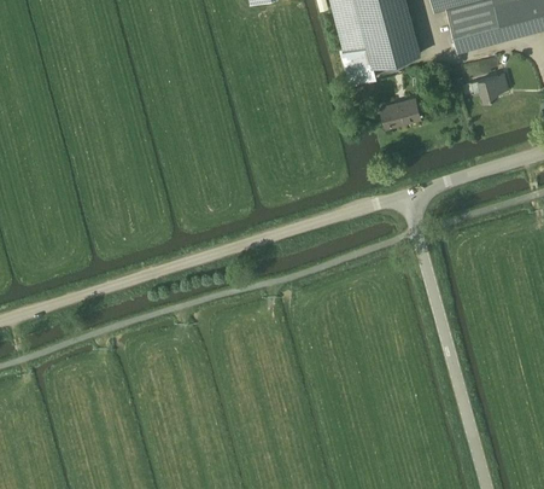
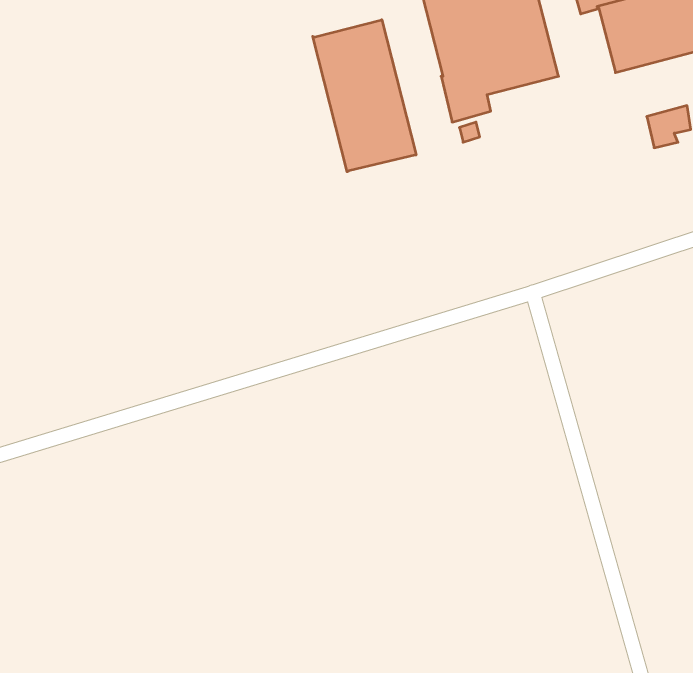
building: none -> [313,20,416,172]
building: [380,100,420,128] -> none

